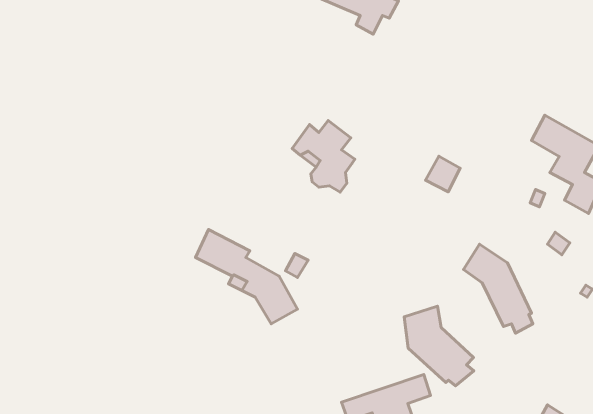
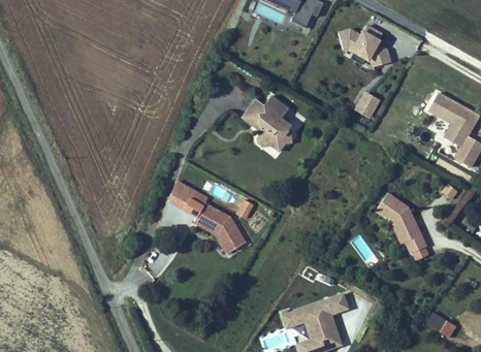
building: none -> [338,23,392,66]
building: [426,156,460,192] -> [354,90,381,118]
building: [404,306,474,386] -> none

